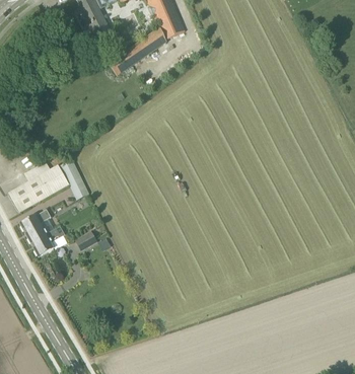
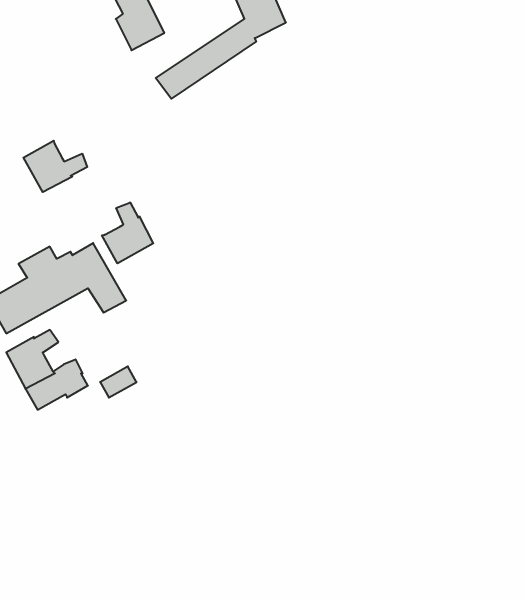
building: none -> [23,141,87,192]
building: none -> [102,202,153,263]

